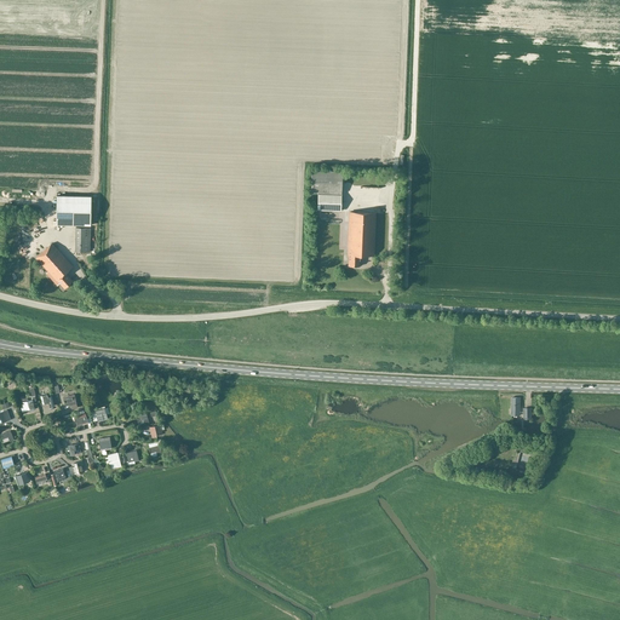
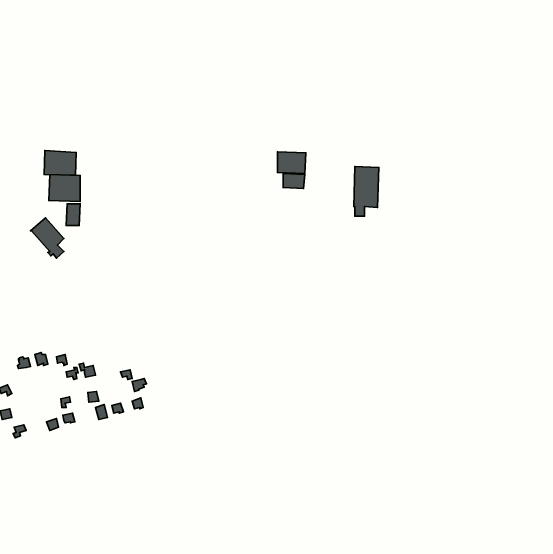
building: none -> [44,151,76,175]
building: [346,211,374,266] -> [354,166,379,216]

